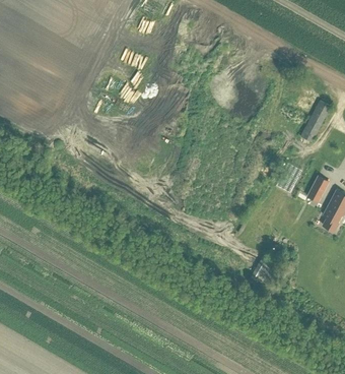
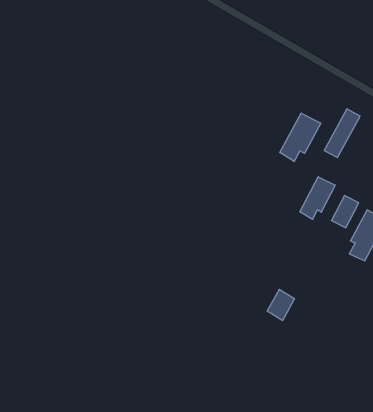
building: none -> [280,113,321,162]
building: none -> [300,177,335,219]

